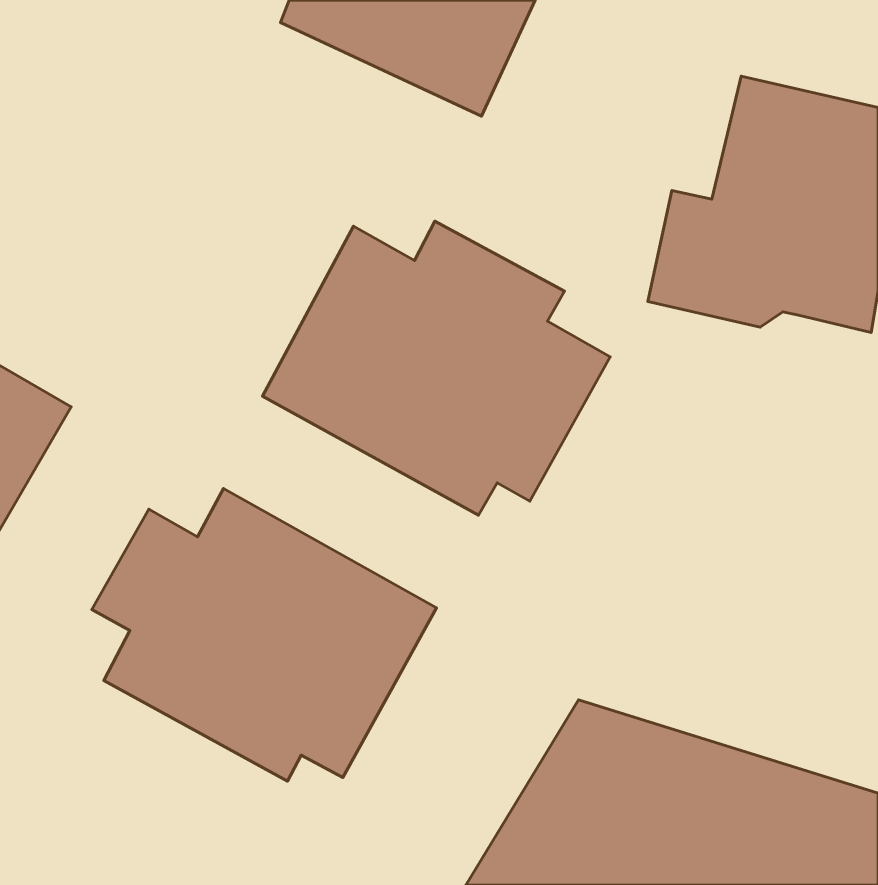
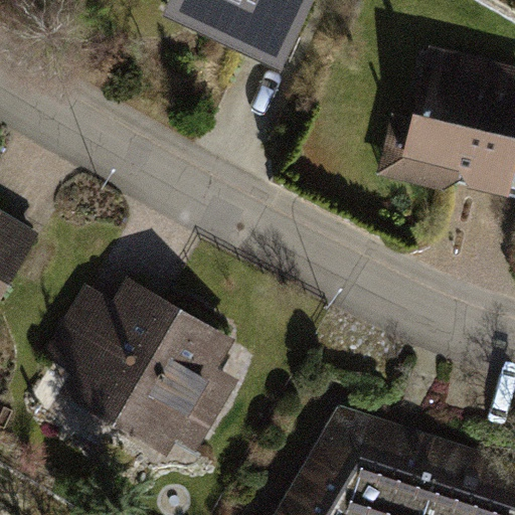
building: [263,221,610,515] -> none

